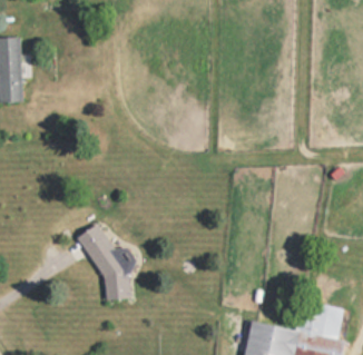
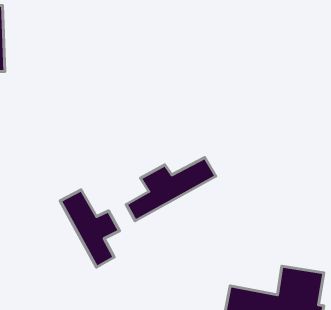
building: none -> [126,158,216,221]

